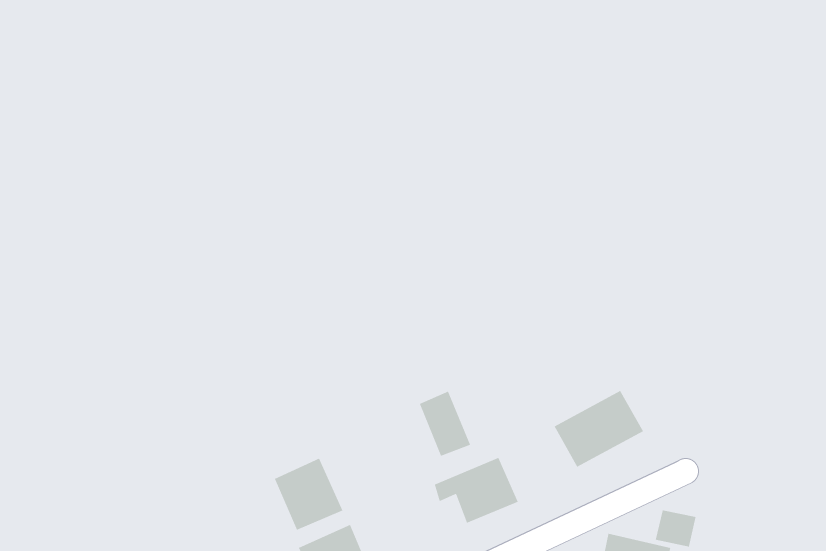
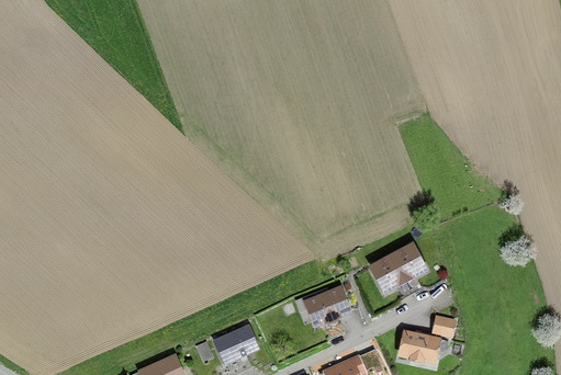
building: [419,390,471,457] -> none
building: [274,457,343,531] -> none

